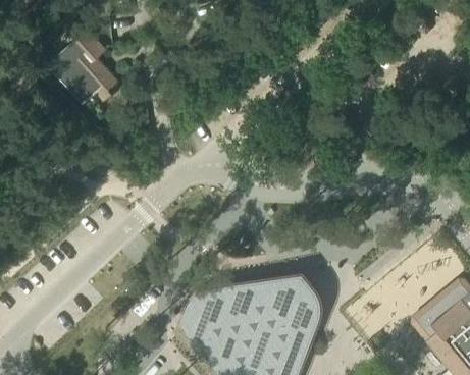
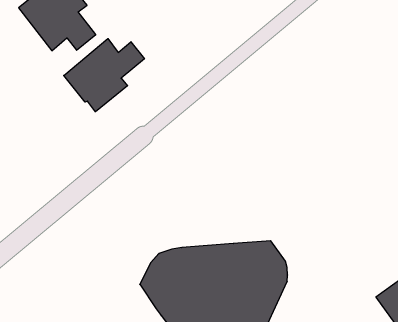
building: none -> [64,39,144,112]

